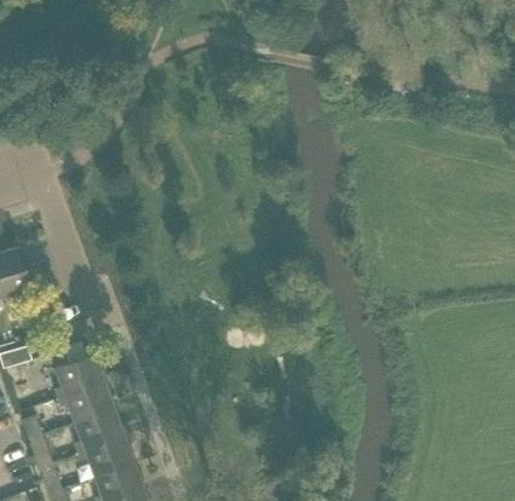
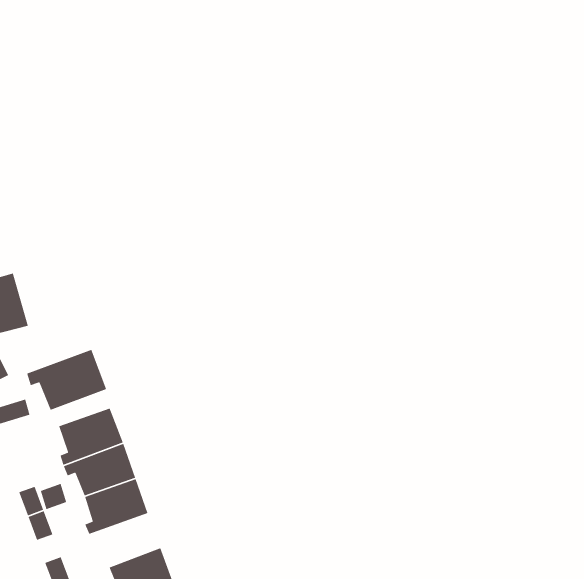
building: none -> [26,349,107,411]
building: [78,438,135,480] -> none

